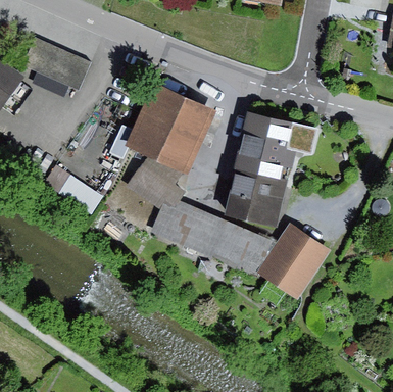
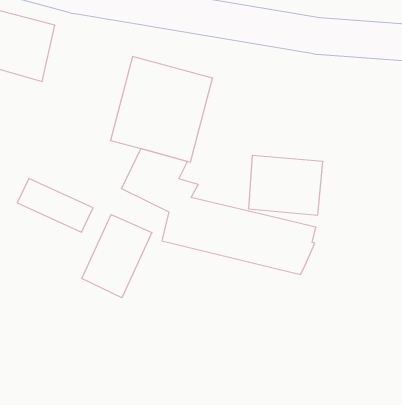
building: [233,113,314,191] -> none
building: none -> [82,214,152,298]
building: [257,224,330,298] -> none

